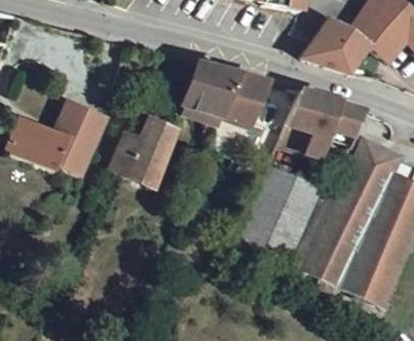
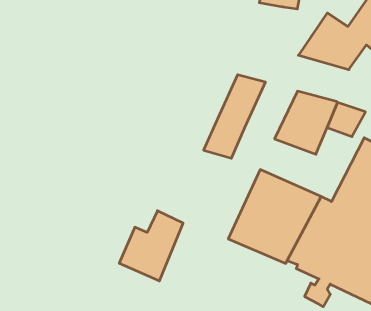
building: [184,64,240,118] -> none
building: [12,101,106,176] -> none
building: [114,117,178,187] -> [119,211,183,281]

